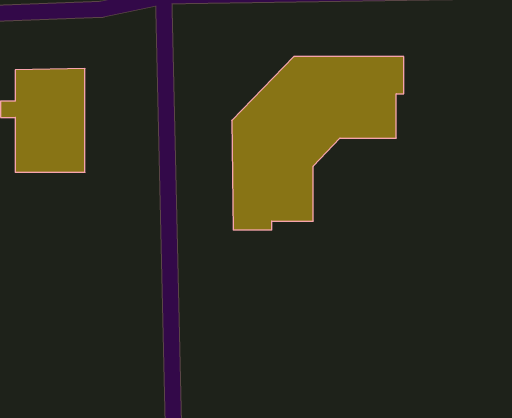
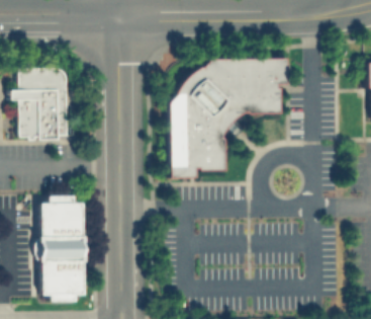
building: none -> [39,195,82,301]

